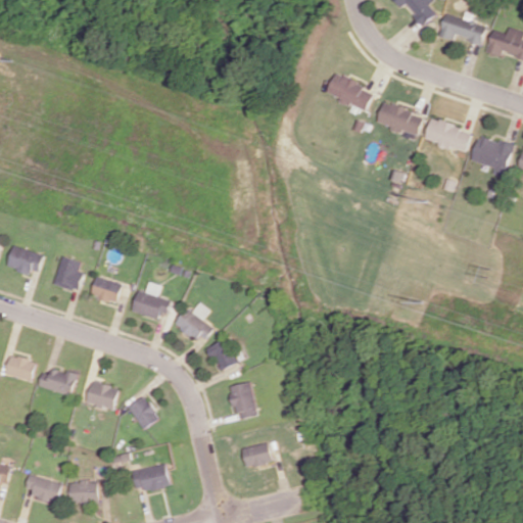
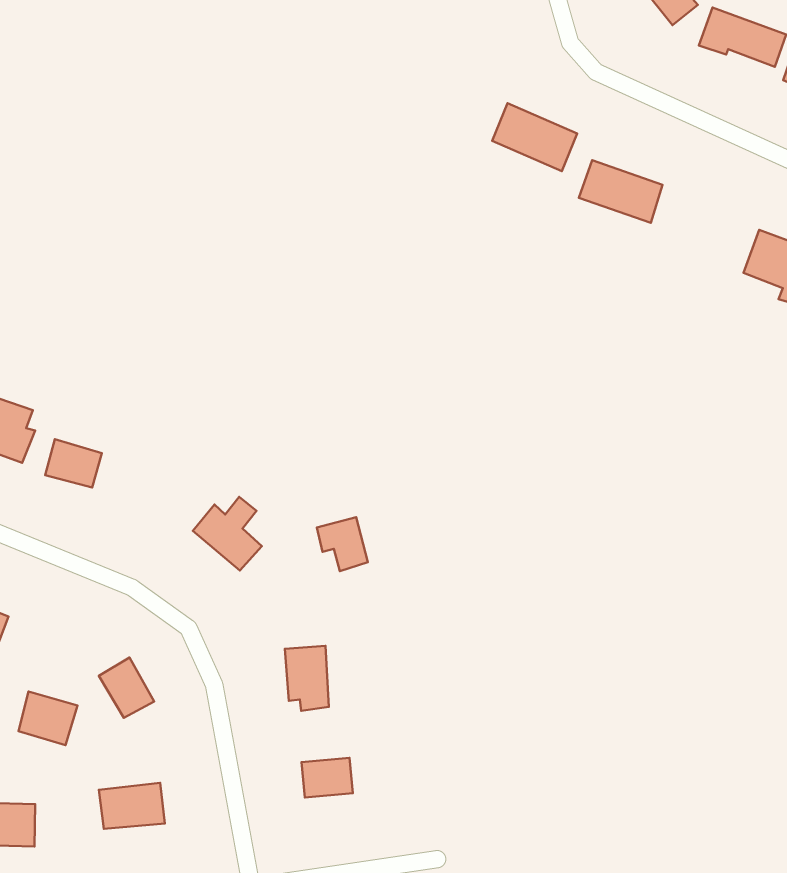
building: [423,118,471,152] -> none
building: [131,282,170,319] -> none
building: [205,339,235,370] -> [317,517,368,571]
building: [86,381,117,410] -> [19,691,77,745]

